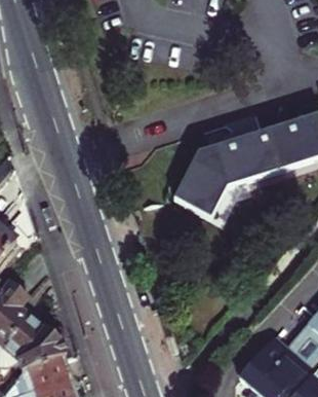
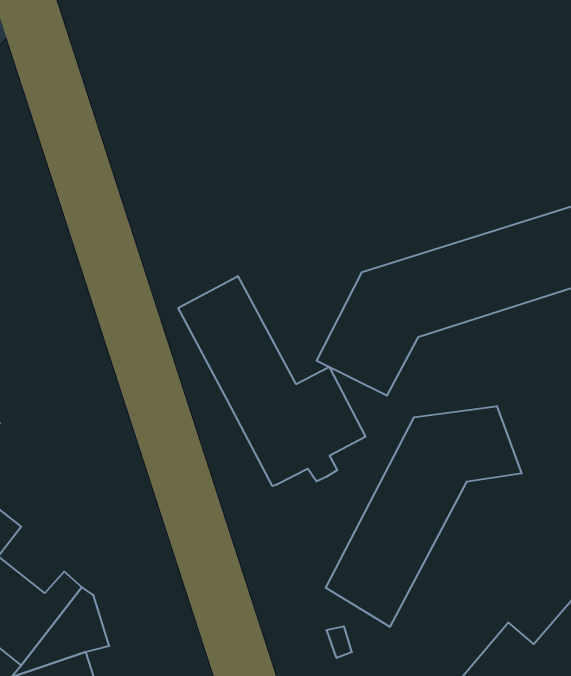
building: none -> [178,276,365,486]
building: none -> [326,406,522,627]

